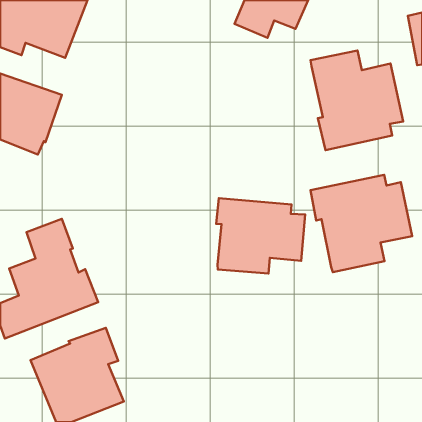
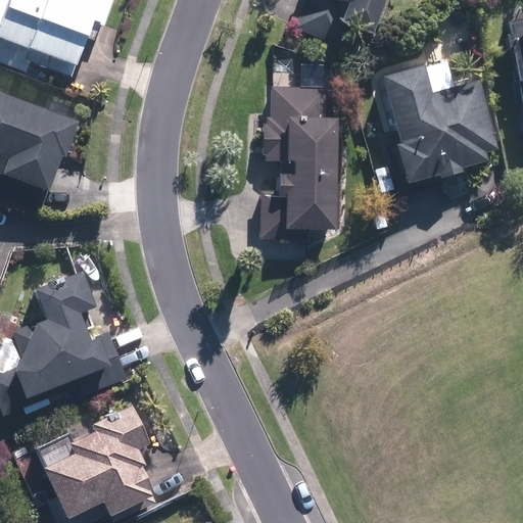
building: none -> [256,66,341,245]
building: [310,175,412,272] -> none
building: [216,198,305,274] -> none

